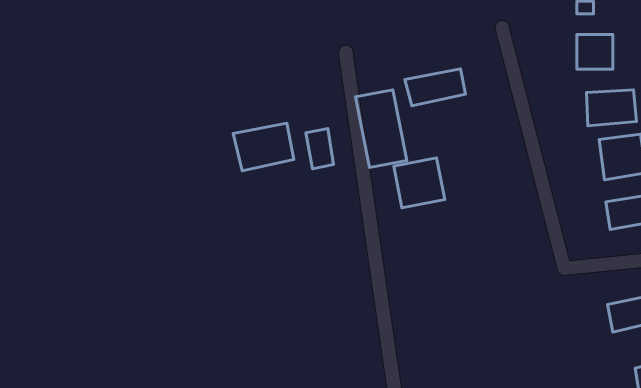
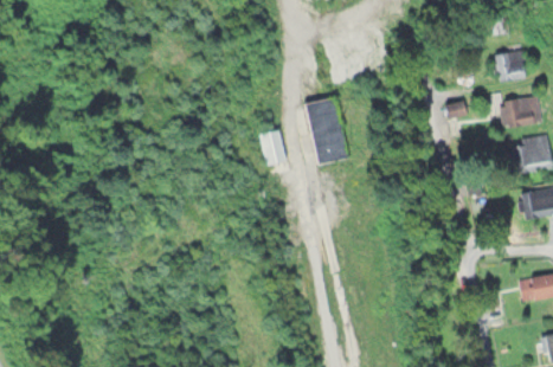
building: [405,69,466,106] -> none
building: [233,123,294,171] -> none
building: [394,158,445,208] -> none

